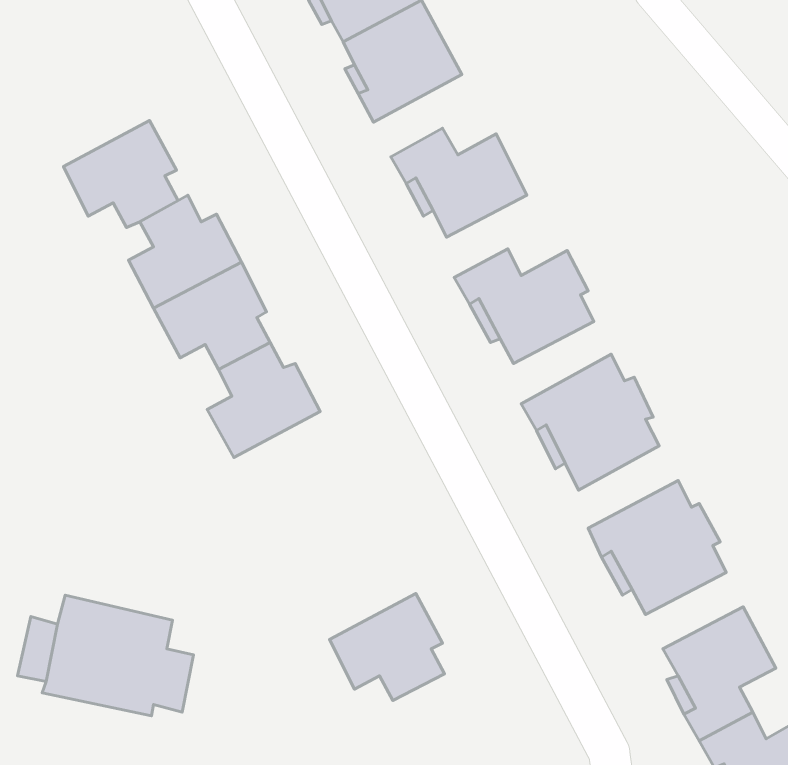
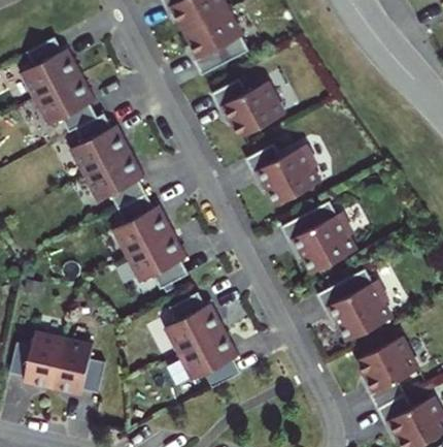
building: none -> [22,37,82,99]
building: none -> [128,231,190,289]
building: none -> [165,292,226,354]

